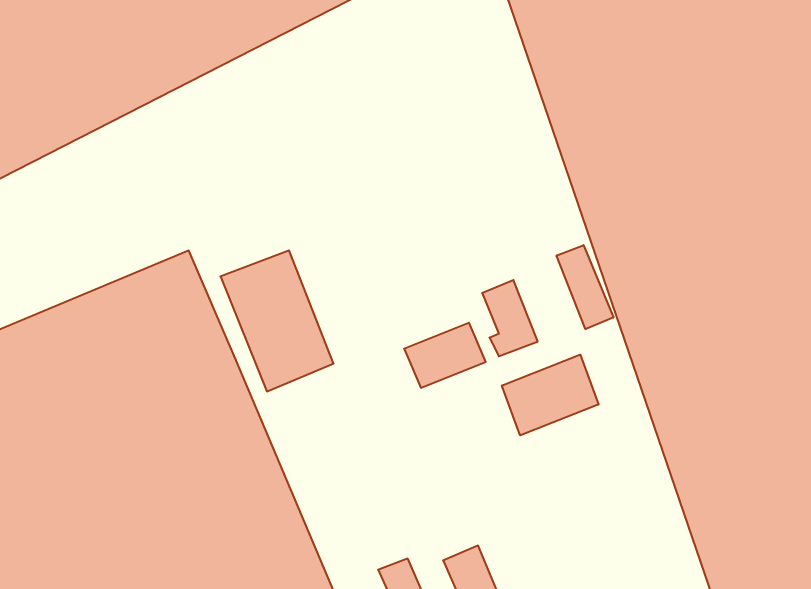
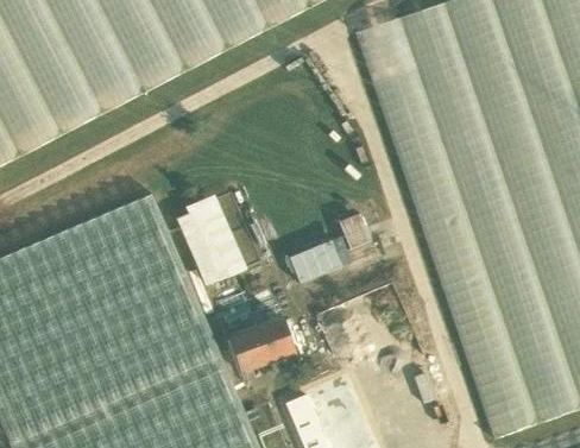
building: [557,245,613,329] -> none
building: [502,355,599,435] -> none
building: none -> [231,318,296,372]

